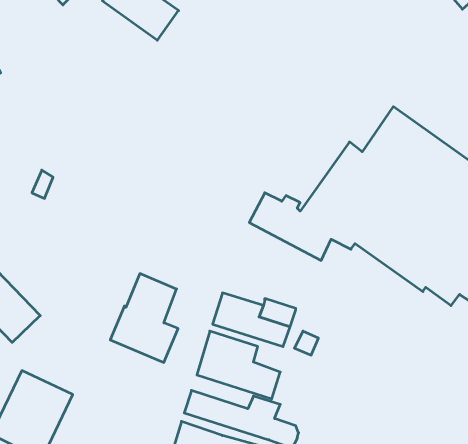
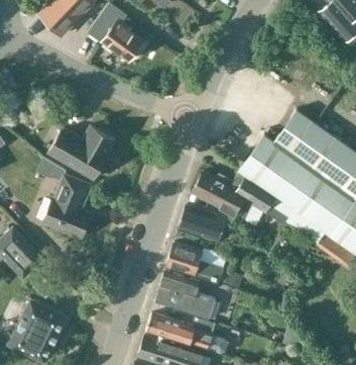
building: none -> [48,126,116,180]
building: none -> [180,206,226,241]
building: [110,274,178,362] -> [43,175,92,239]

